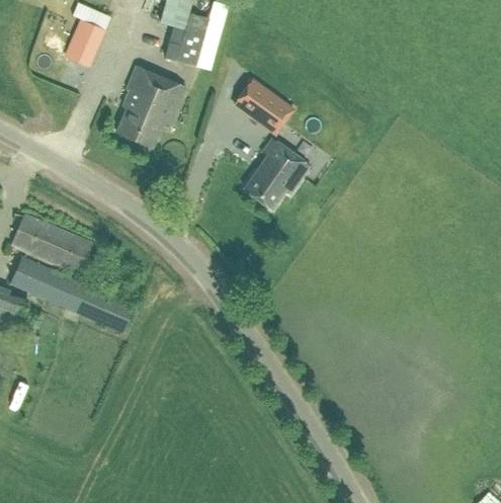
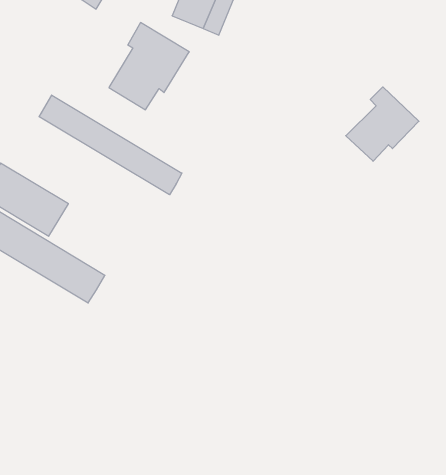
building: [234,79,293,134] -> none
building: [243,138,309,207] -> [346,87,419,161]
building: none -> [39,95,182,195]

